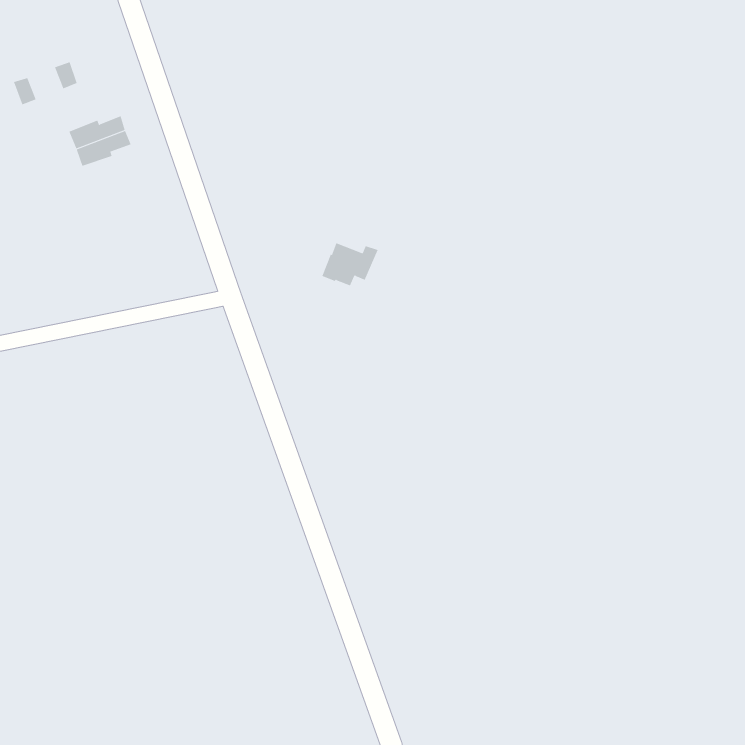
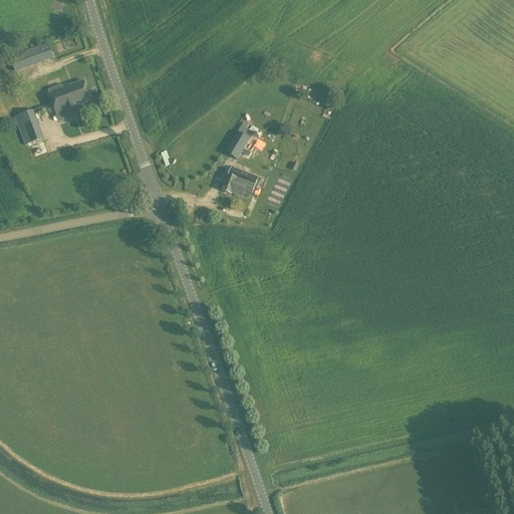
building: none -> [16,110,42,145]
building: none -> [225,124,255,160]

